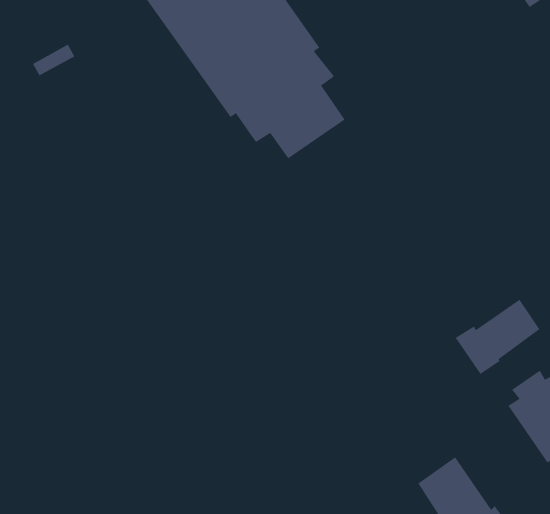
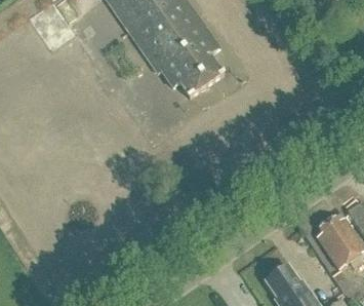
building: [455,299,540,375] -> none

